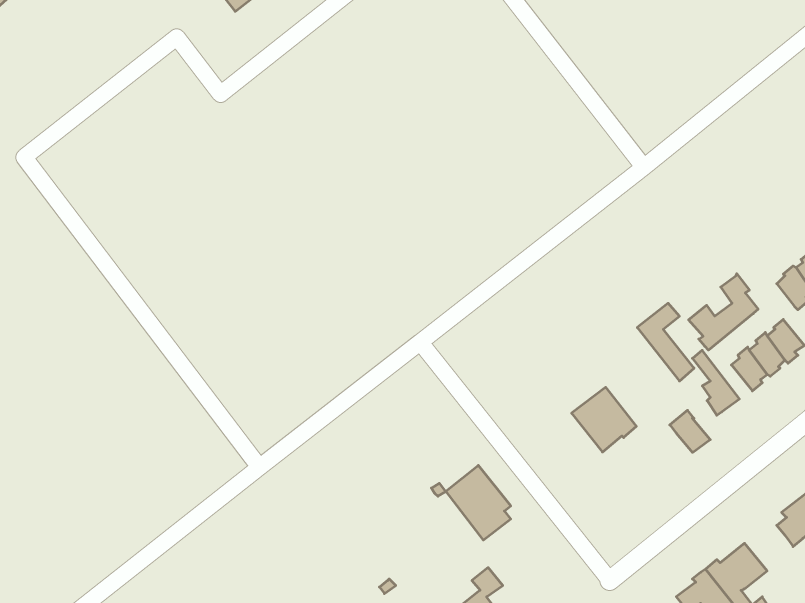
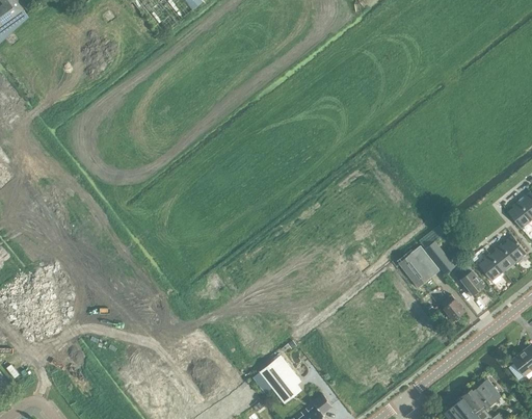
building: [689,274,758,350] -> none
building: [572,387,636,452] -> [397,245,438,287]
building: [446,465,511,540] -> [259,355,300,402]

